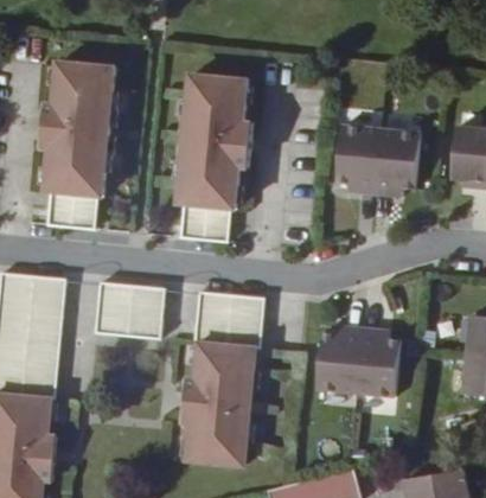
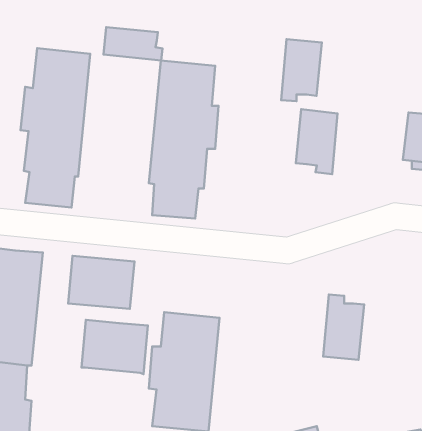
building: none -> [103,27,163,60]
building: [372,129,416,196] -> [281,39,322,101]
building: [188,292,260,350] -> [82,320,148,374]
building: [324,321,369,390] -> none

